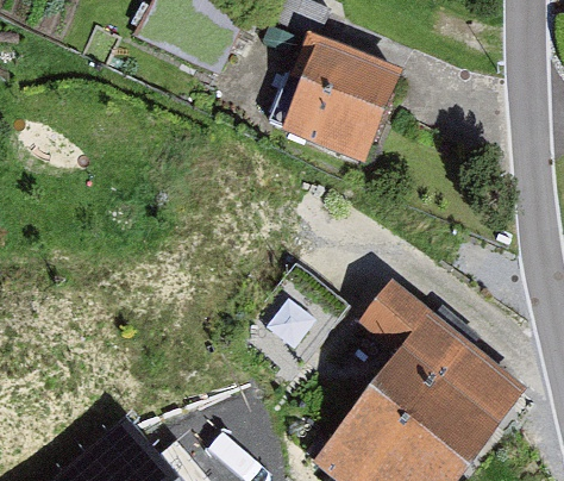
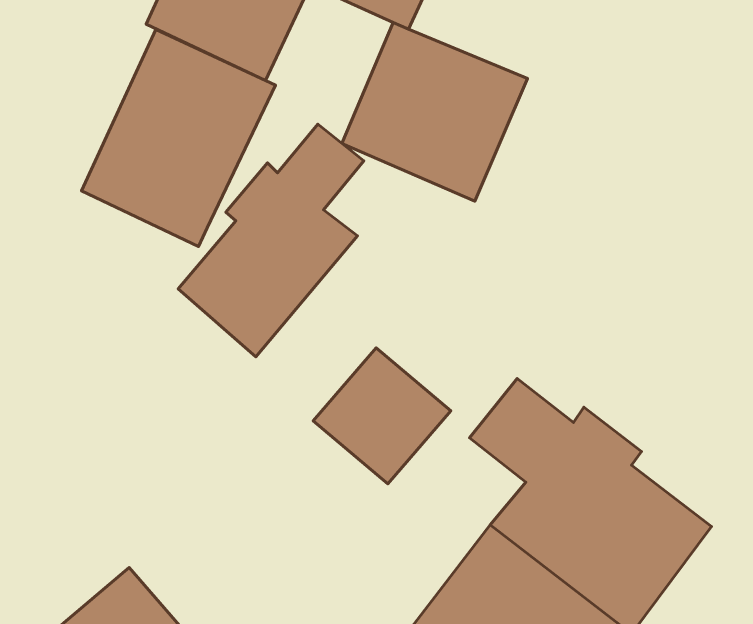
building: none -> [82,29,275,247]
building: none -> [178,124,364,357]

